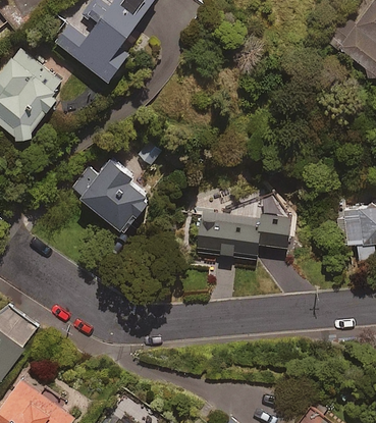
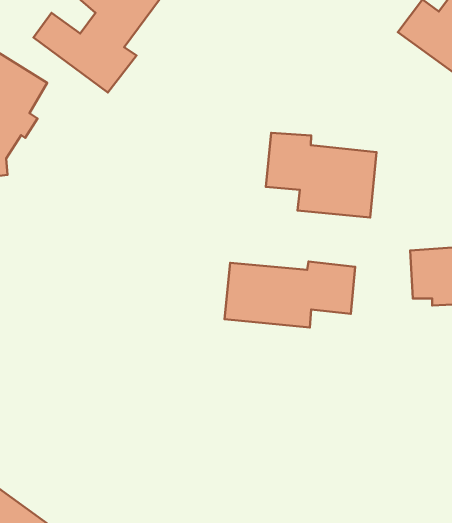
building: none -> [266,133,376,217]
building: [73,167,157,241] -> none

